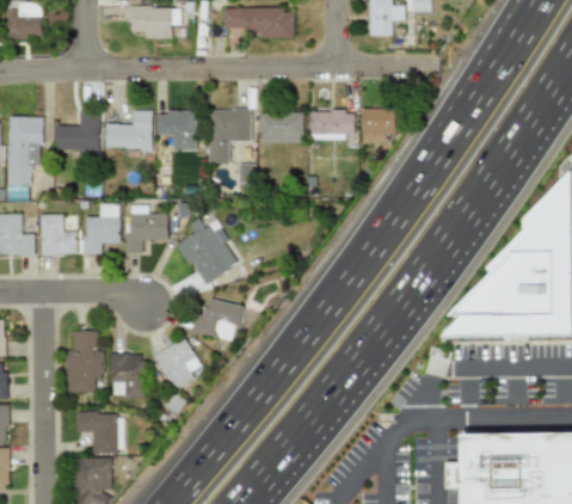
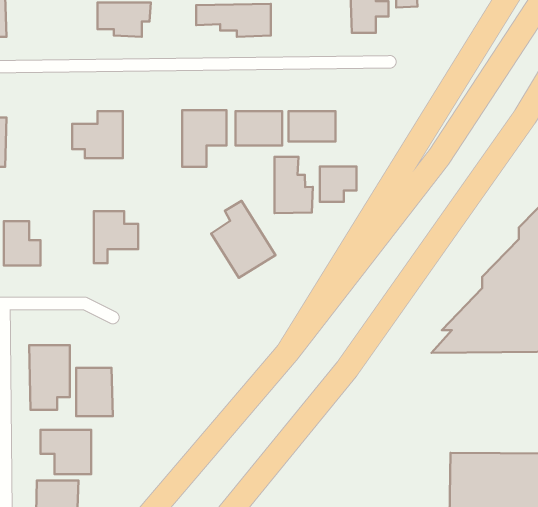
building: [156,109,196,149] -> none
building: [361,109,395,142] -> [320,166,357,202]
building: [55,110,100,152] -> none
building: none -> [274,157,313,213]
building: [84,203,121,254] -> none
building: [177,214,238,287] -> [211,201,276,278]
building: [190,299,242,342] -> none
building: [153,337,203,388] -> none

